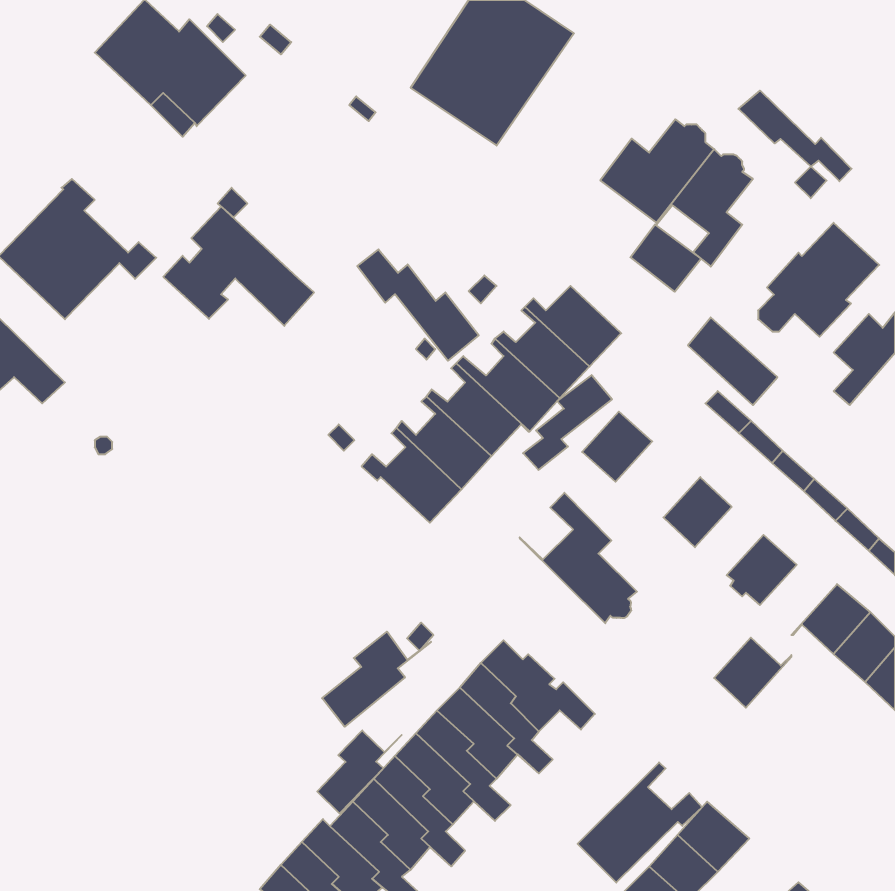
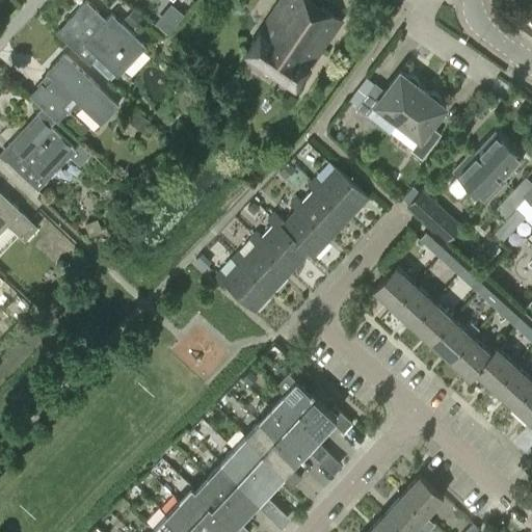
building: [738,91,852,181] -> none
building: [163,207,314,326] -> [30,56,119,127]
building: [630,224,701,292] -> none
building: [357,249,479,361] -> none
building: [523,375,612,470] -> none
building: [582,412,652,482] -> [373,268,415,310]
building: [520,493,637,623] -> none
building: none -> [411,303,452,344]
building: [322,632,431,727] -> none
building: [714,638,791,708] -> [450,338,496,379]
building: [317,730,402,813] -> none
building: [578,762,702,883] -> none

